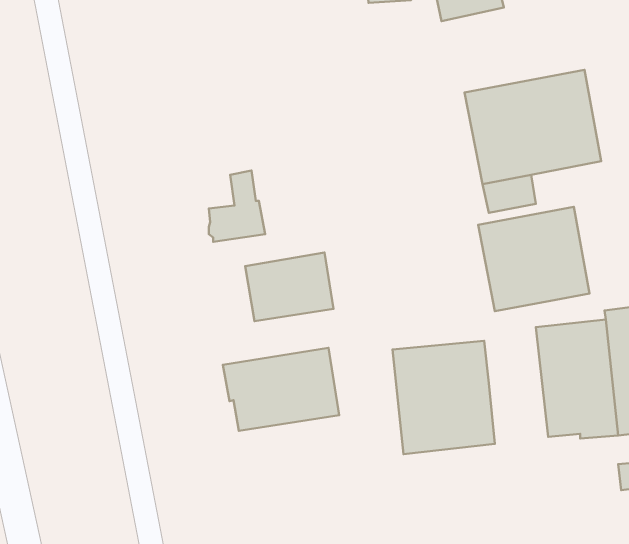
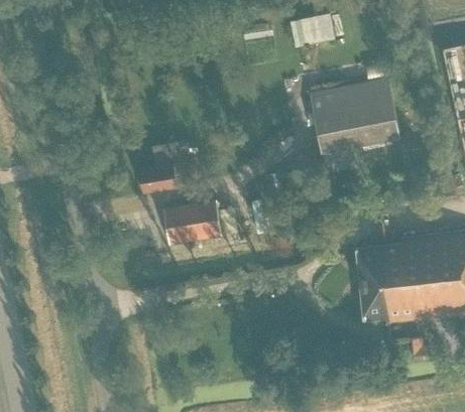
building: [478,207,589,311] -> none
building: [393,341,495,454] -> none
building: [223,348,339,431] -> none

